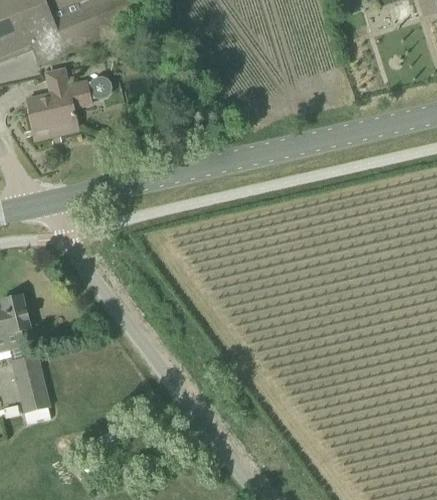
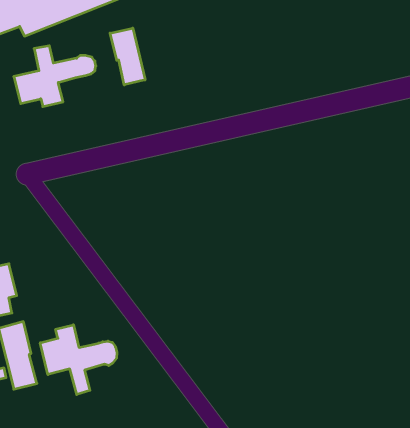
building: none -> [110,28,145,85]
building: none -> [40,325,117,395]

